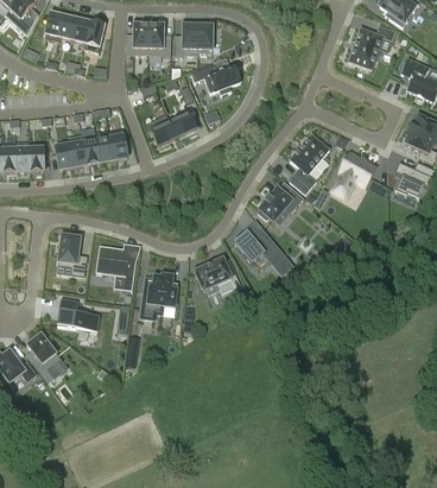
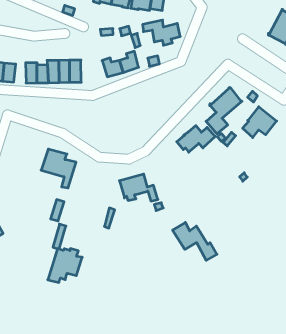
building: [233,229,292,272] -> [173,222,217,260]
building: [58,234,87,273] -> none
building: [140,273,178,317] -> [48,249,82,282]
building: [57,296,100,330] -> none

